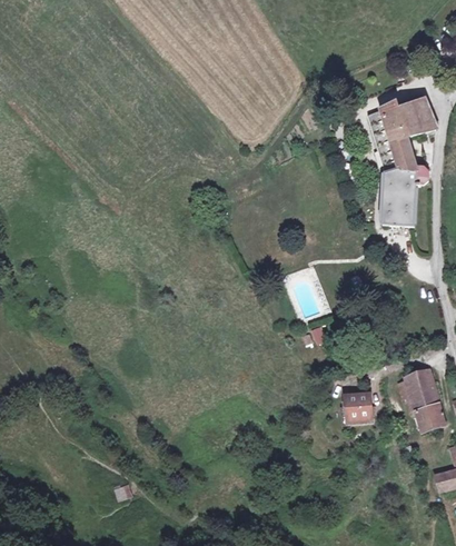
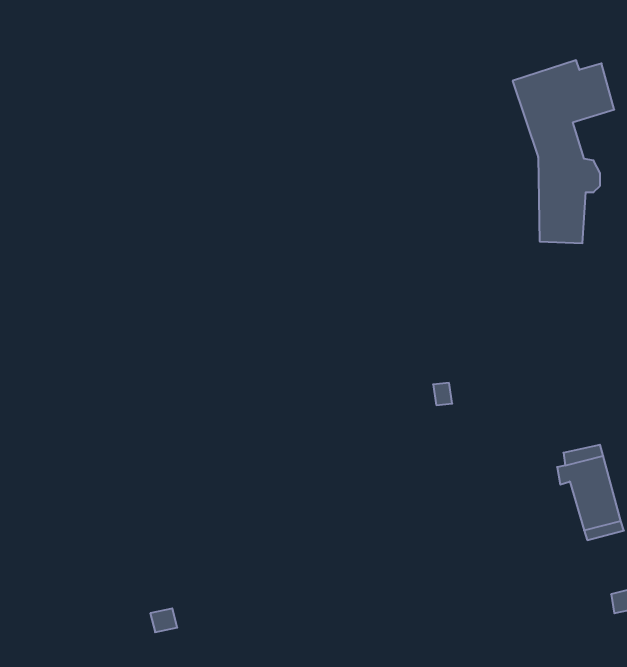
building: [343,393,368,420] -> none

